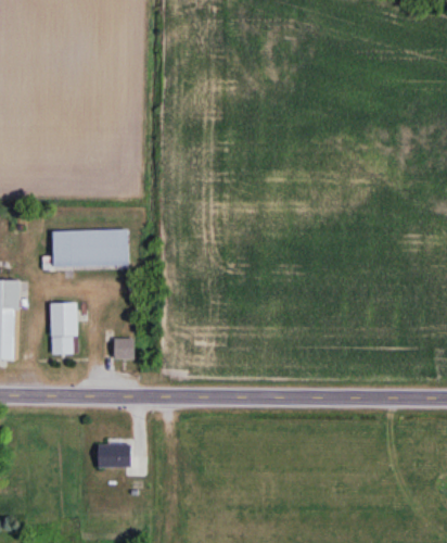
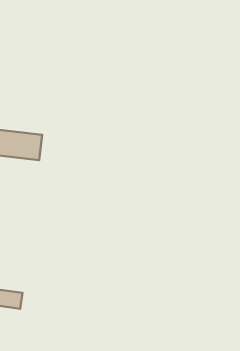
building: [113,338,135,359] -> none

